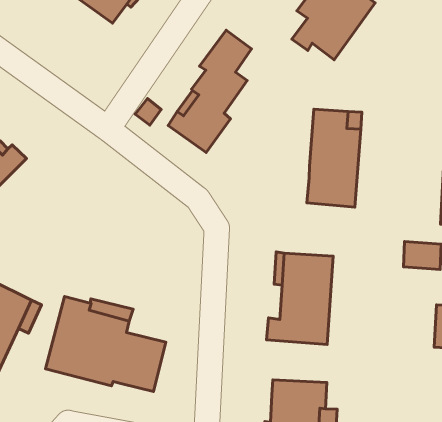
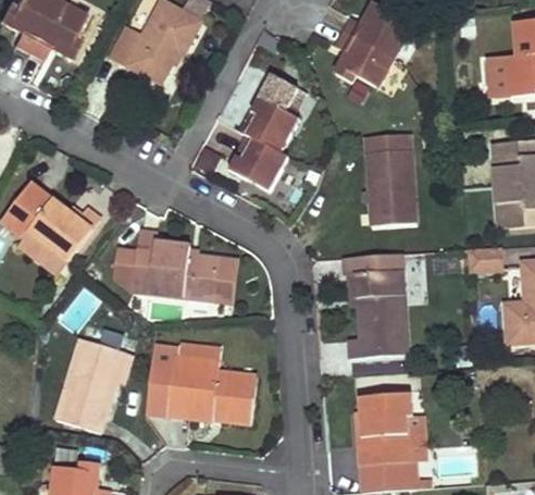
building: none -> [113,230,238,301]

